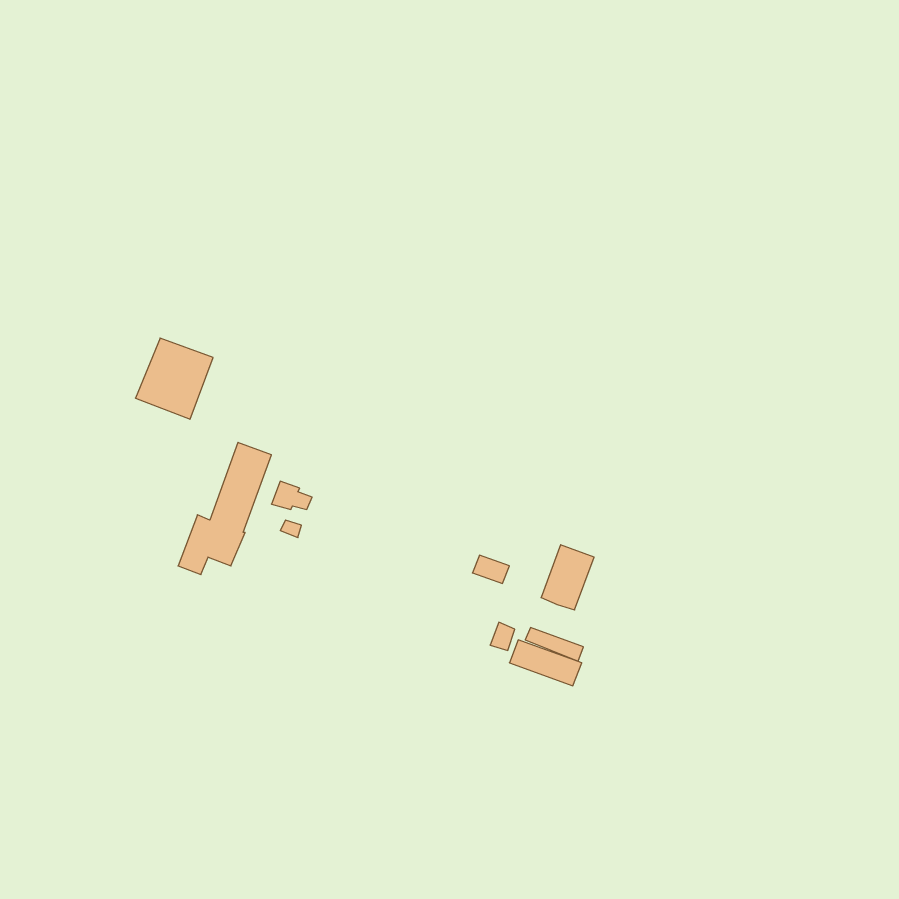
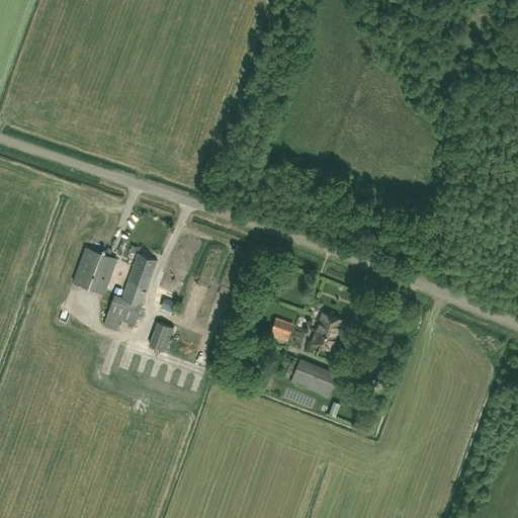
building: [135,338,213,419] -> [72,248,116,294]
building: none -> [148,324,172,352]

